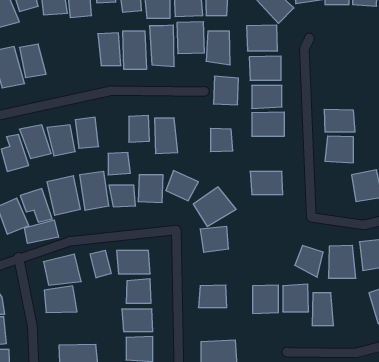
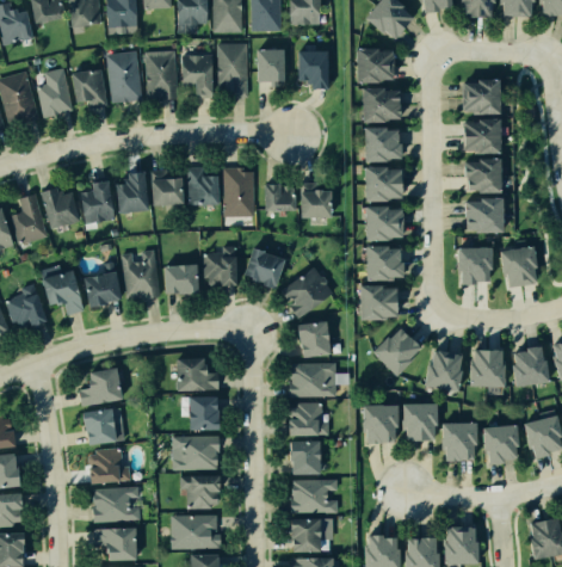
building: none -> [107,54,147,104]
building: none -> [69,66,109,106]
building: none -> [458,78,501,116]
building: [213,76,238,105] -> [264,175,298,215]
building: none -> [459,122,502,152]
building: none -> [356,207,404,239]
building: [108,153,130,175] -> [153,177,184,208]
building: none -> [455,247,492,283]
building: none -> [360,286,400,319]
building: [24,220,58,243] -> none
building: none -> [370,328,420,377]
building: [90,250,111,278] -> none
building: none -> [290,365,340,401]
building: none -> [482,412,518,466]
building: none -> [286,444,321,475]
building: none -> [82,448,129,481]

